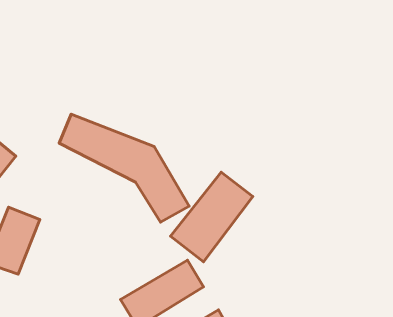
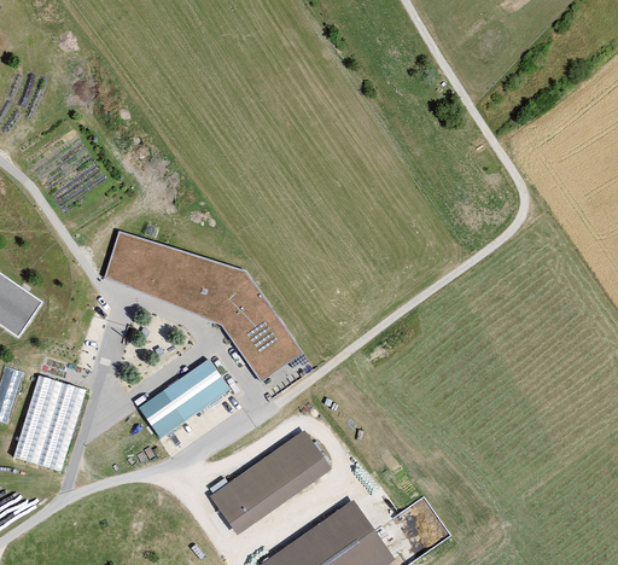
building: [171,172,253,262] -> none
building: none -> [136,357,228,438]

